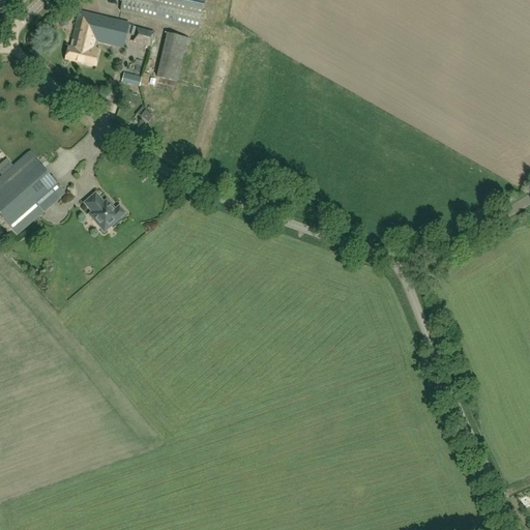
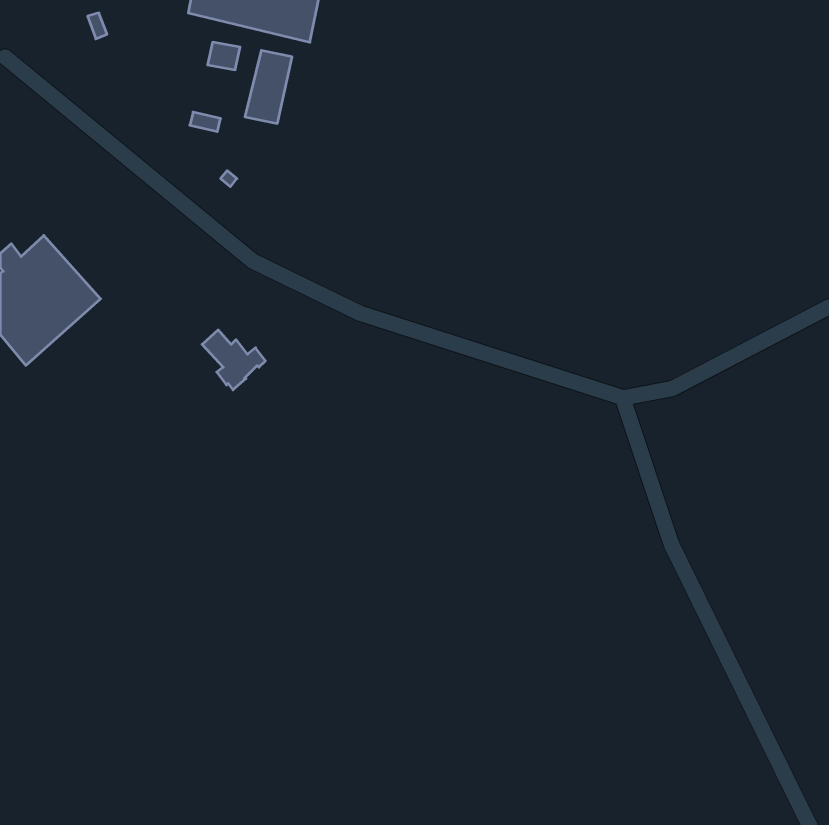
building: [65,9,128,64] -> none
building: [85,192,125,230] -> [202,330,265,390]

